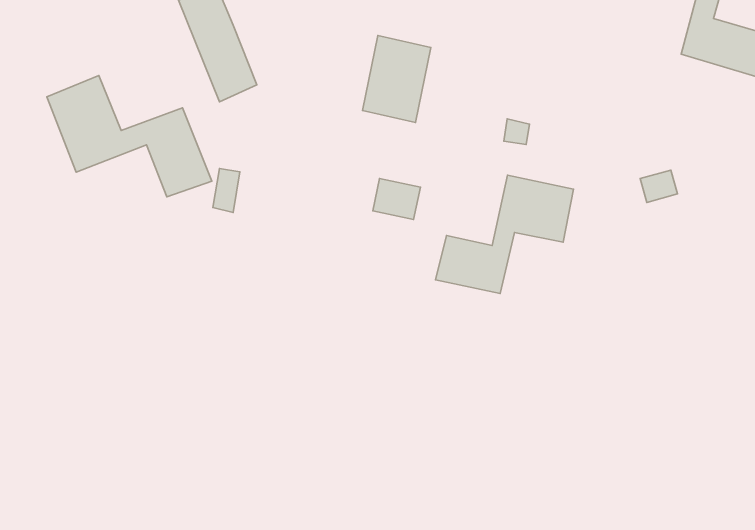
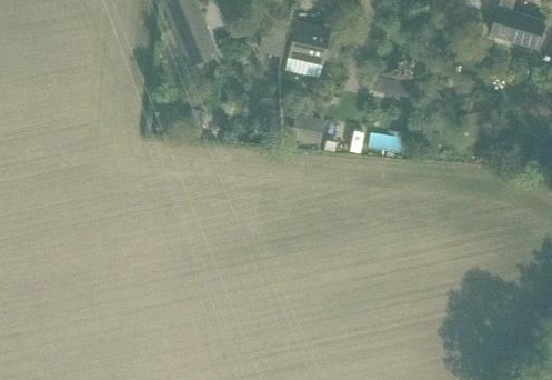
building: [47,75,212,197] -> none
building: [435,175,574,293] -> none

